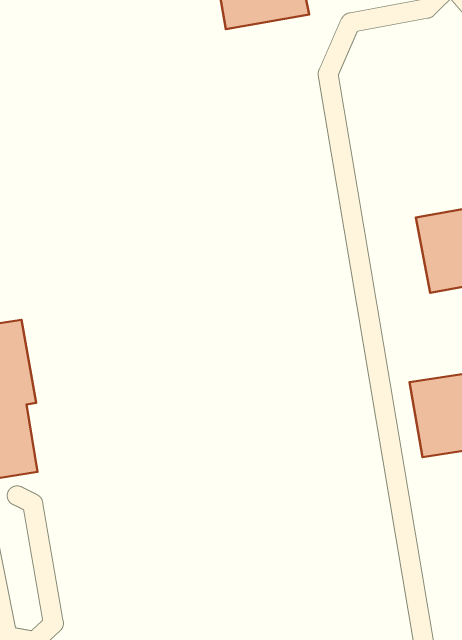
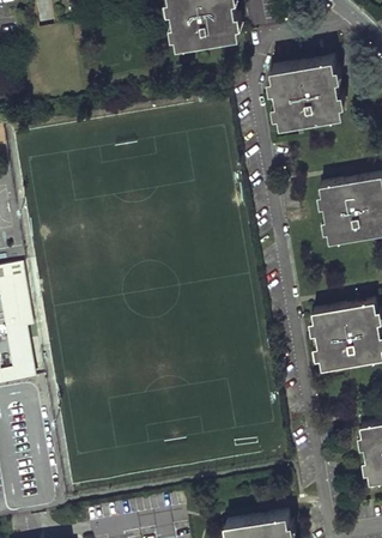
building: none -> [268,60,340,129]

